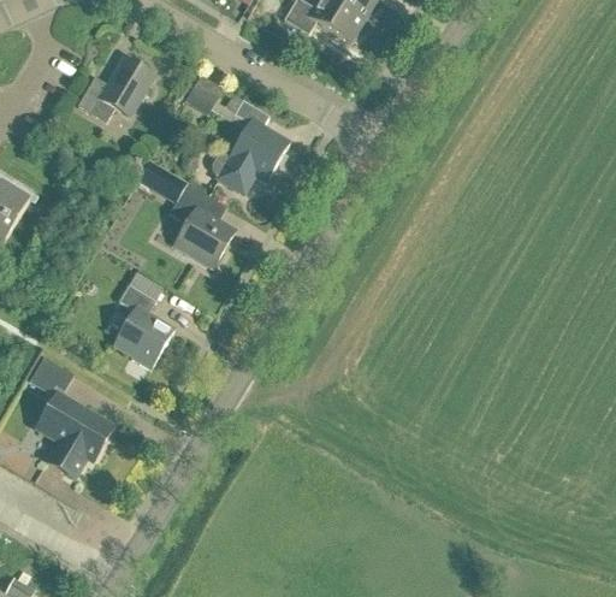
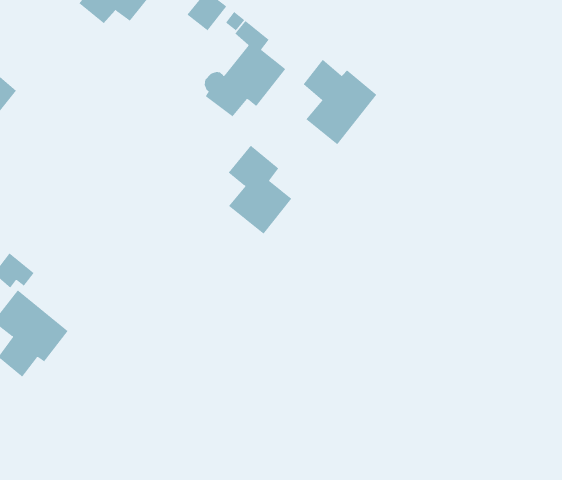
building: none -> [303,59,377,145]
building: [170,182,236,267] -> [228,145,292,234]
building: [114,284,174,368] -> none

